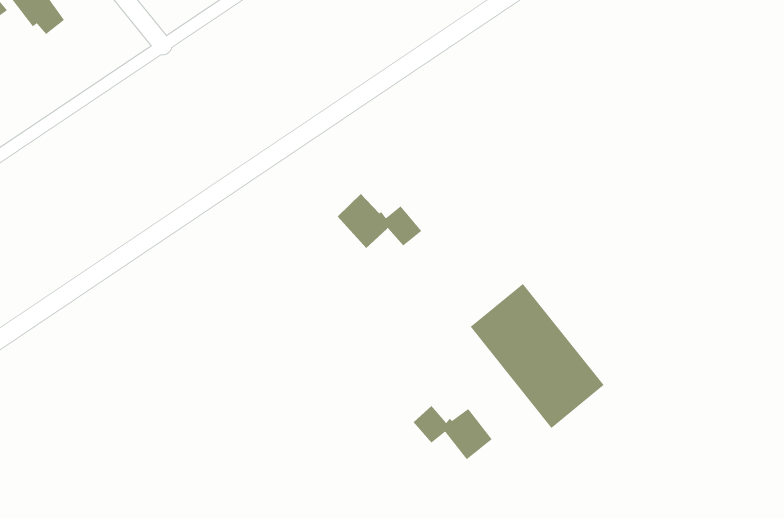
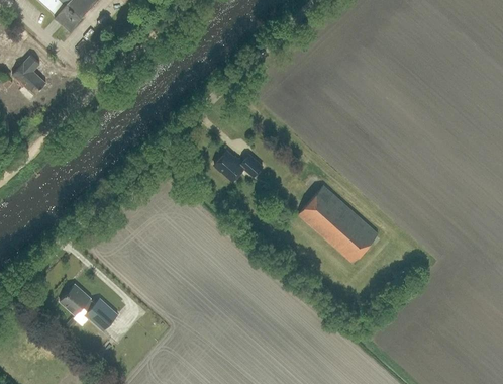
building: none -> [60,284,118,331]
building: [413,405,492,460] -> none

